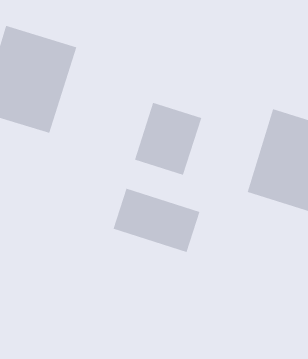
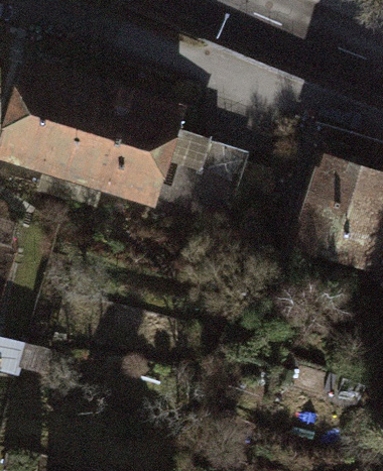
building: none -> [78,88,186,208]
building: [113,188,200,253] -> none

